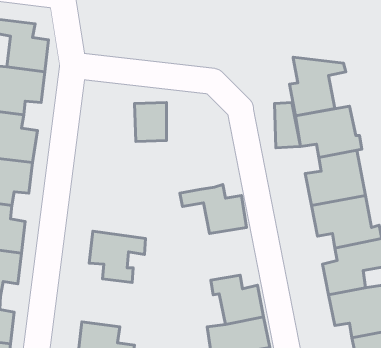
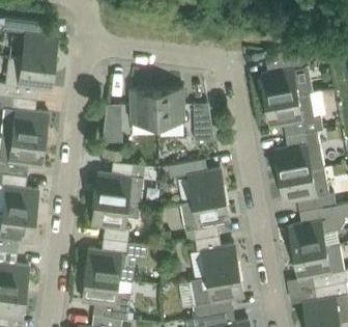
building: none -> [156,89,183,122]
building: [275,102,300,148] -> [193,104,214,142]
building: none -> [102,105,121,143]
building: none -> [94,163,144,206]
building: none -> [180,196,229,242]
building: none -> [85,240,134,282]

